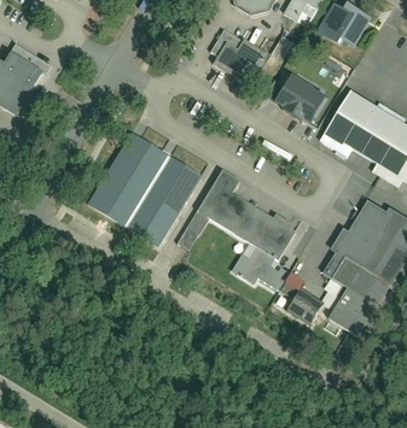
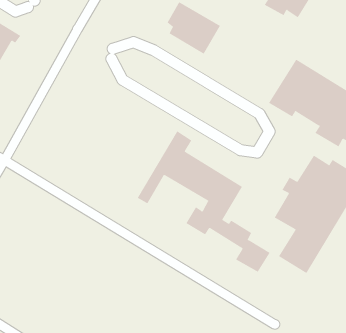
building: [272,75,326,124] -> none
building: [87,133,199,245] -> none

